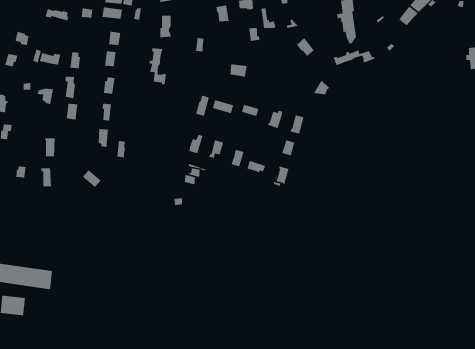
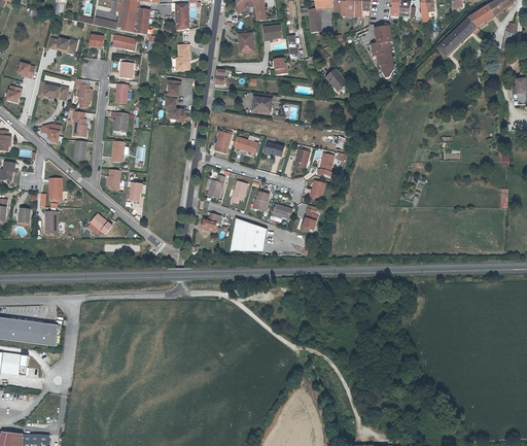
building: [333,49,375,66] -> none
building: none -> [229,217,267,251]

